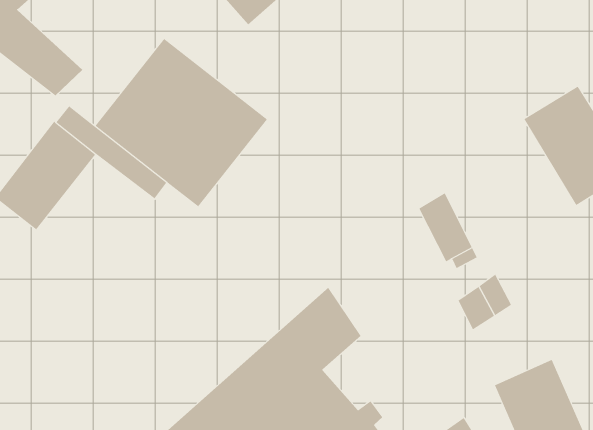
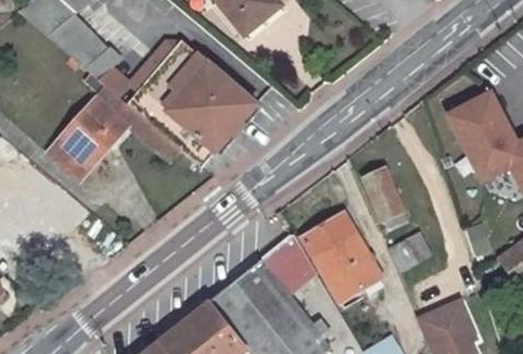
building: none -> [305,212,383,301]

